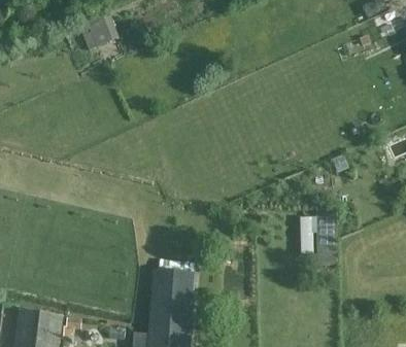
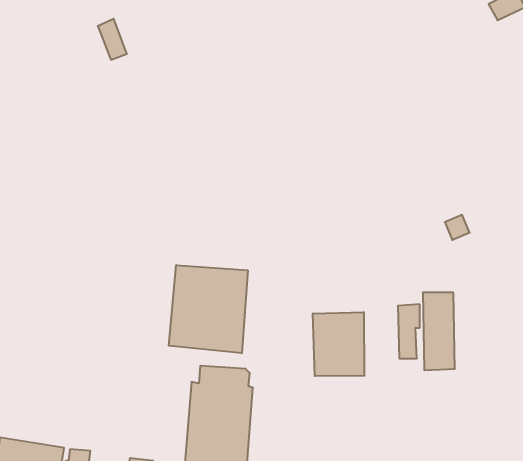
building: none -> [169,265,248,353]
building: none -> [313,312,364,376]

